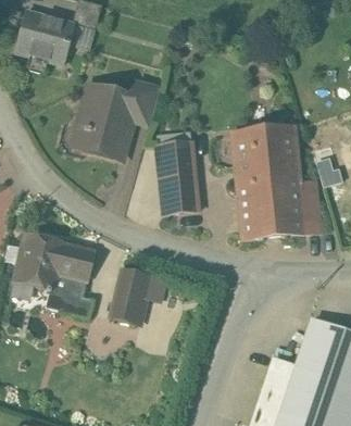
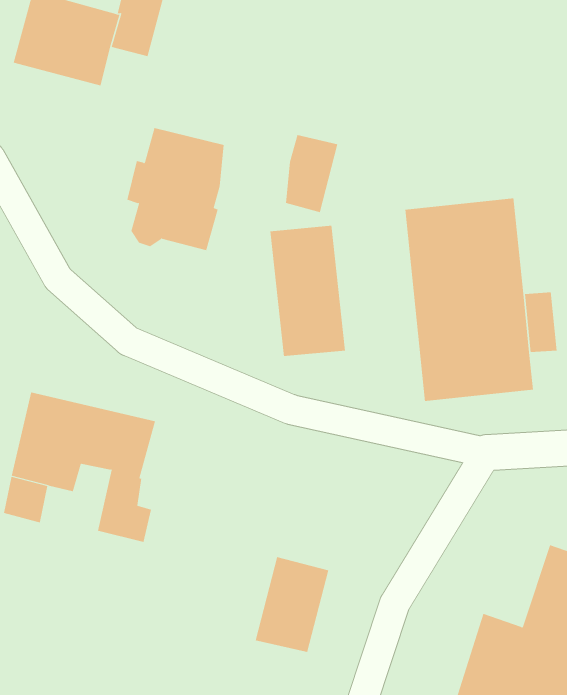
building: [129,80,159,124] -> [285,134,338,213]
building: [110,268,151,322] -> [255,556,329,652]

